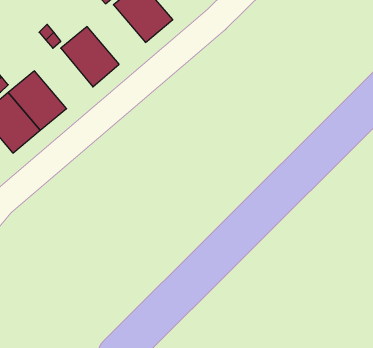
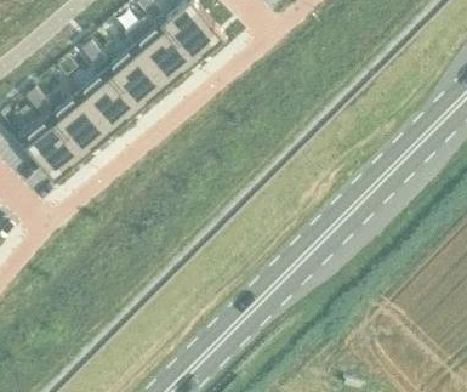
building: none -> [129,23,190,86]
building: none -> [73,69,135,133]

